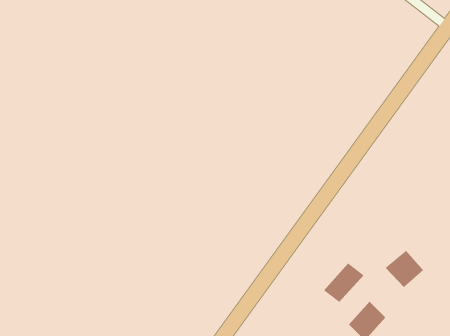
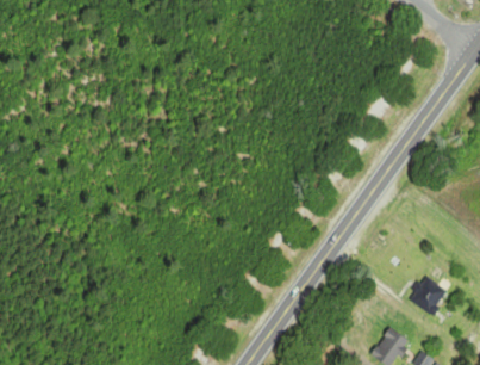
building: [323,263,364,303] -> none

